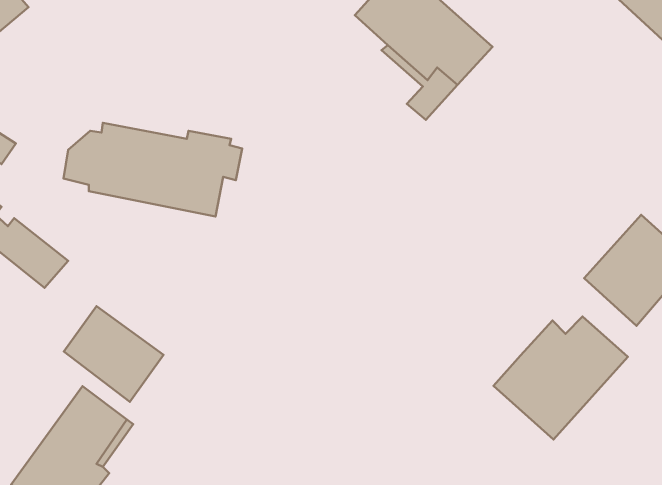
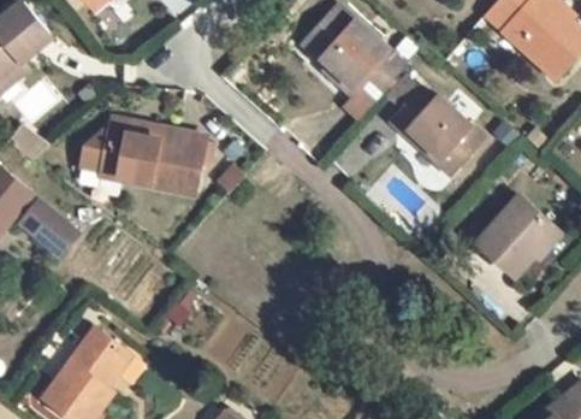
building: none -> [387,88,486,178]
building: [64,306,164,402] -> none
building: [494,317,628,439] -> none

